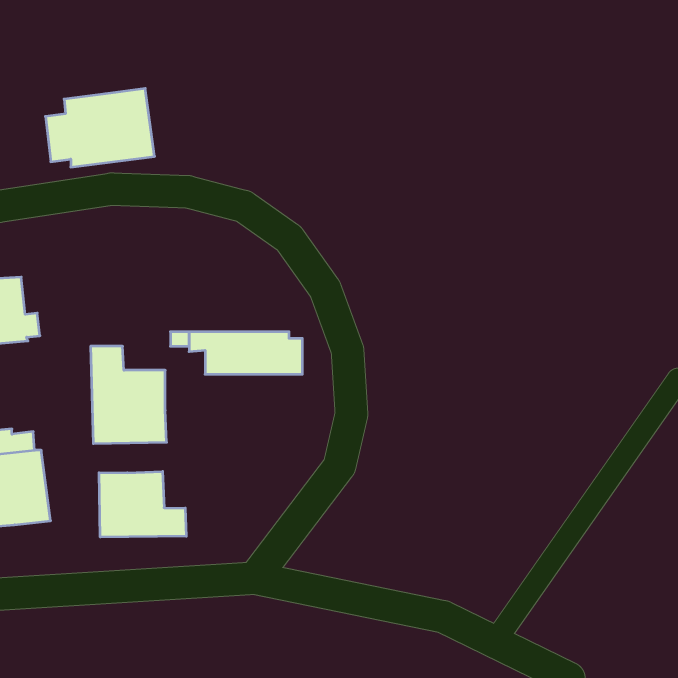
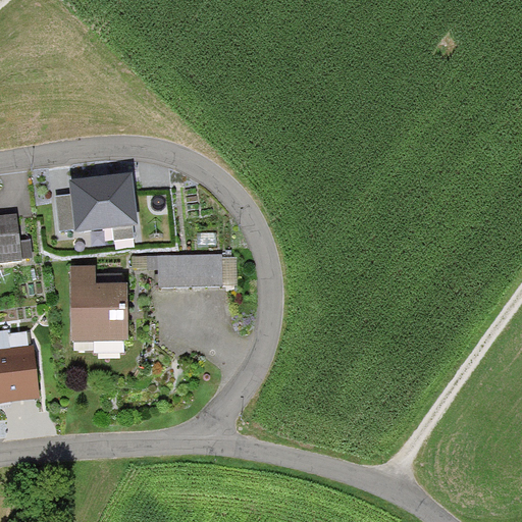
building: [45,88,155,167] -> [54,173,138,233]
building: [99,471,186,537] -> none

